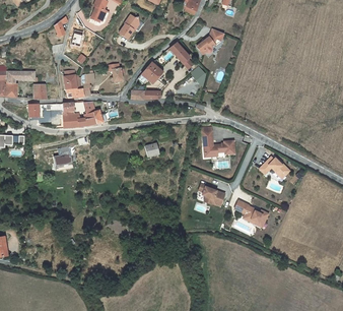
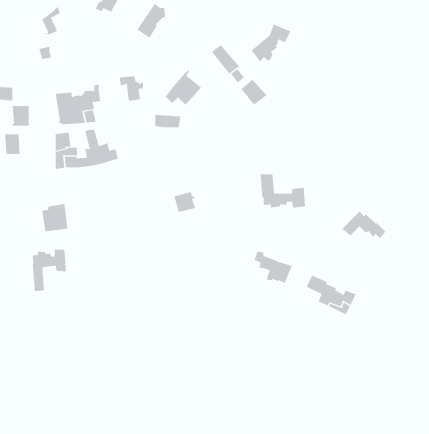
building: none -> [32,249,66,292]

